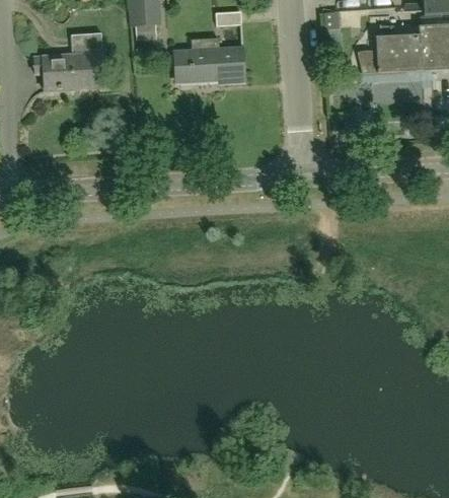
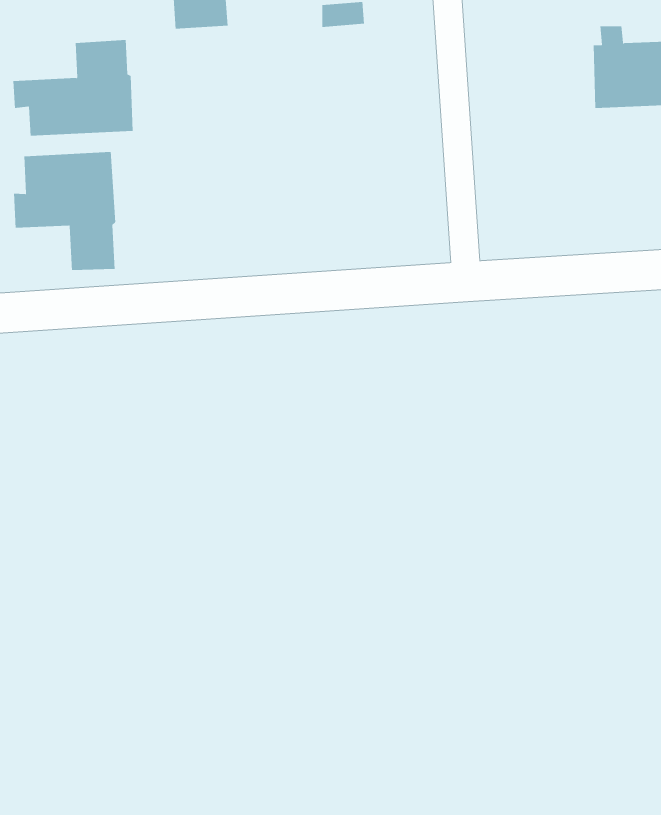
building: [174,39,245,84] -> none
building: none -> [14,151,116,271]

